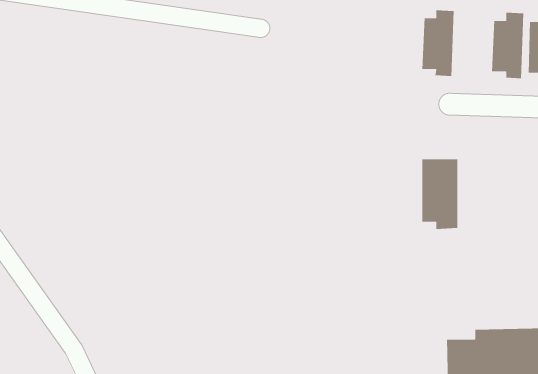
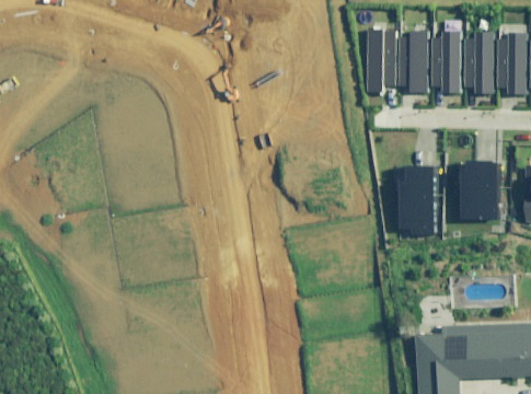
building: none -> [430,30,461,92]
building: none -> [367,31,397,91]
building: none -> [460,164,497,219]

